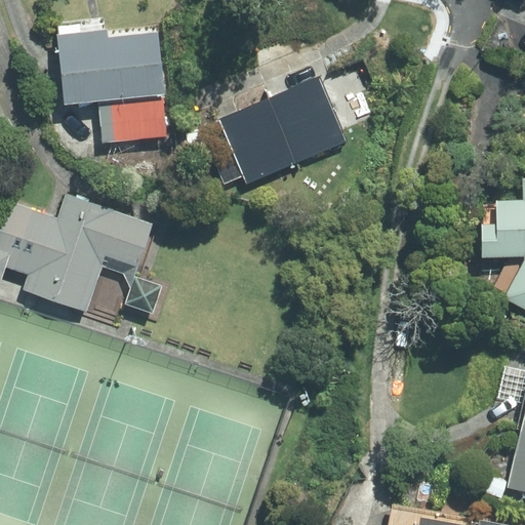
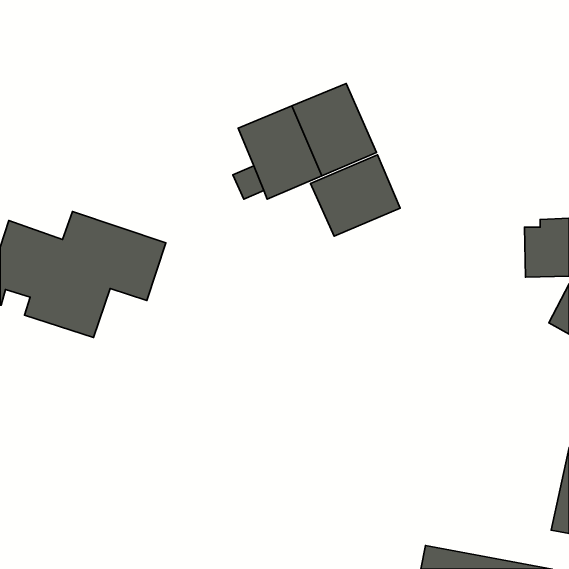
building: [57,23,167,144] -> none
building: none -> [311,155,400,236]

